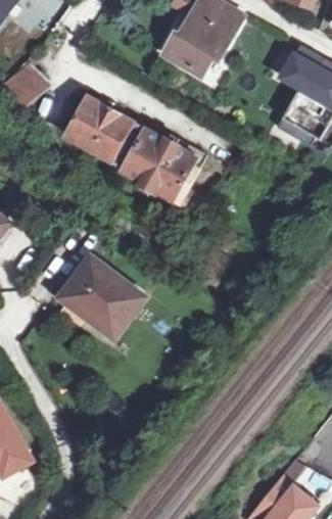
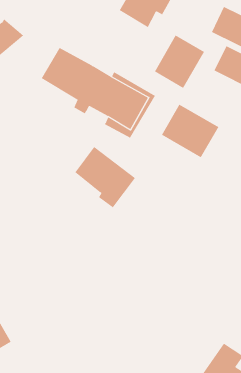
building: none -> [154,35,205,89]
building: none -> [161,104,219,158]
building: [70,265,145,340] -> [75,146,136,208]

